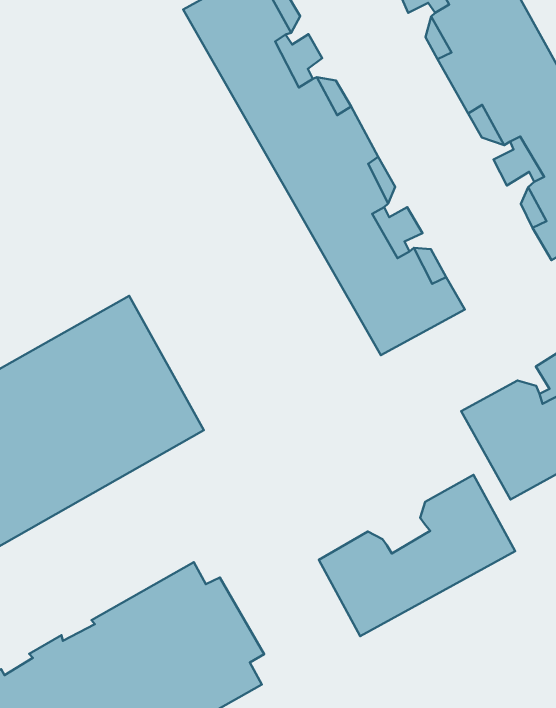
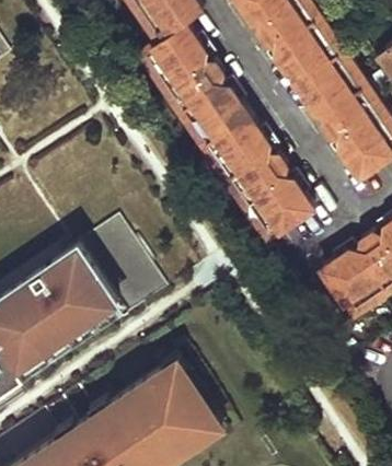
building: [319,475,515,636] -> none

